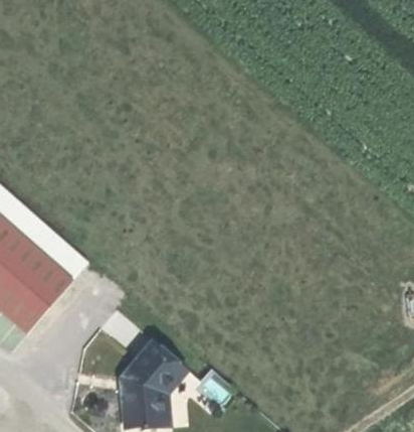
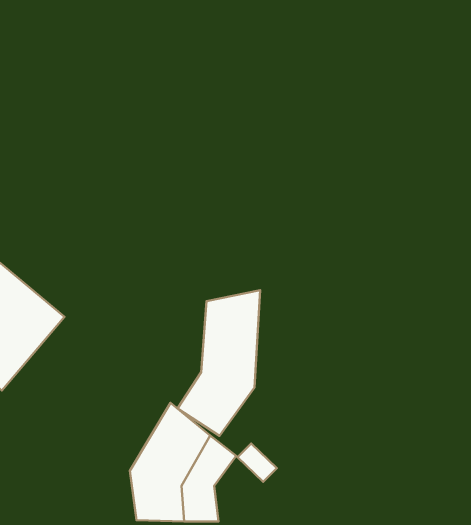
building: none -> [177,290,260,436]

